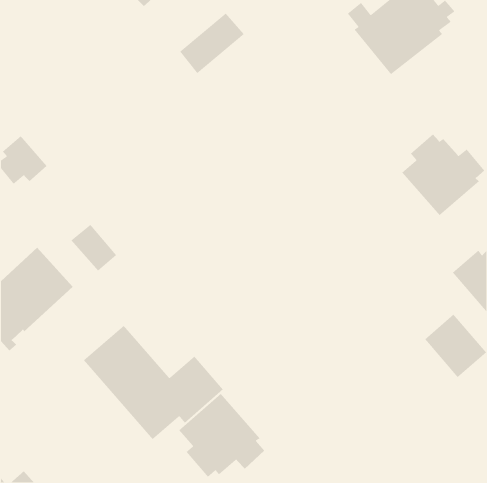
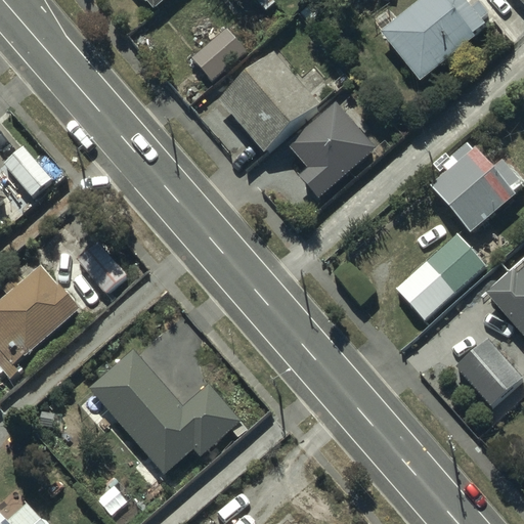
building: none -> [218,50,320,152]
building: none -> [288,97,377,194]
building: none -> [396,233,485,318]
building: [178,393,265,478] -> none

